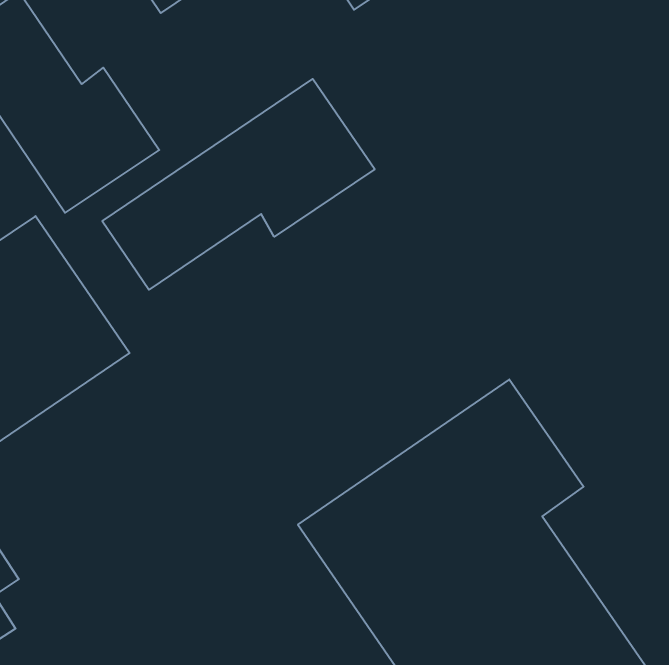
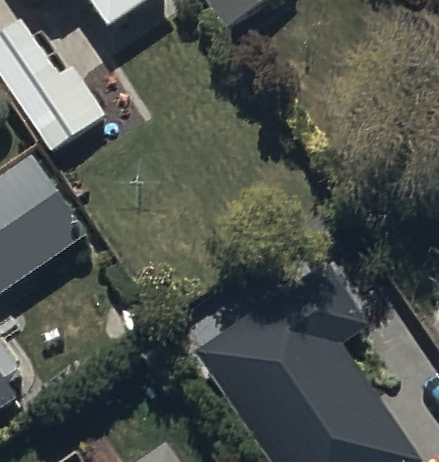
building: [102,79,375,290] -> none

